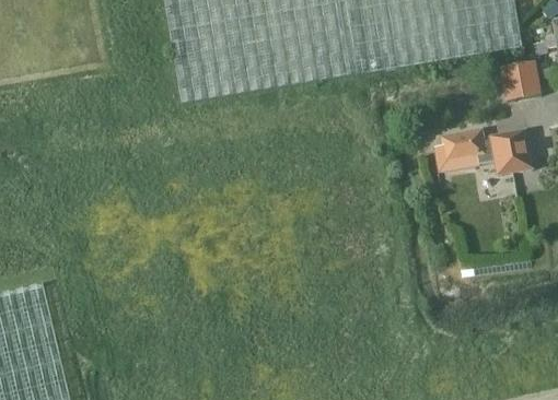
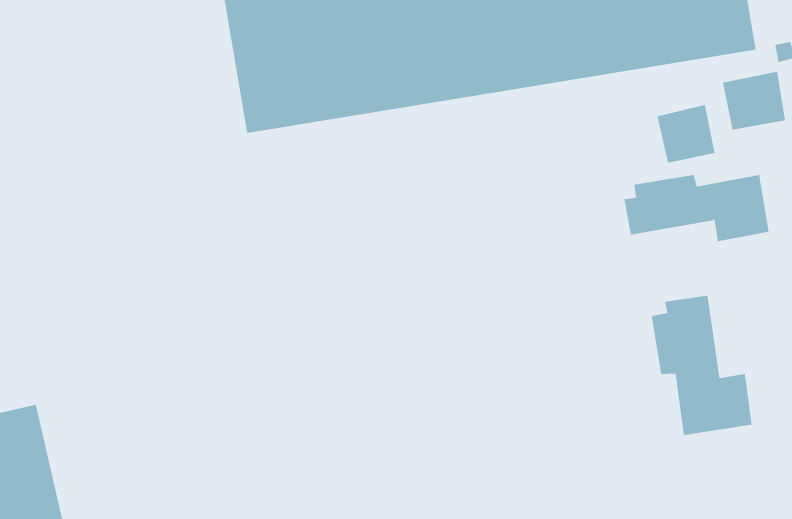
building: none -> [657,104,715,163]
building: none -> [651,295,752,436]

